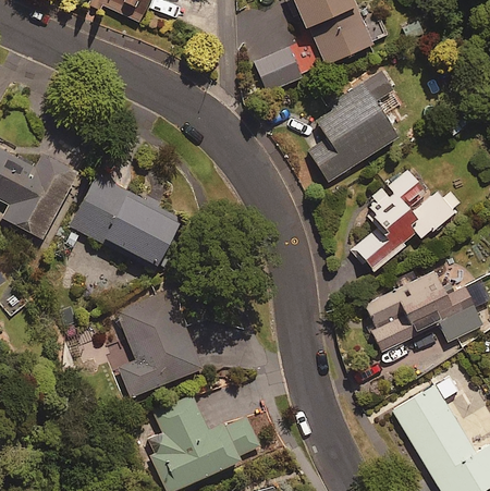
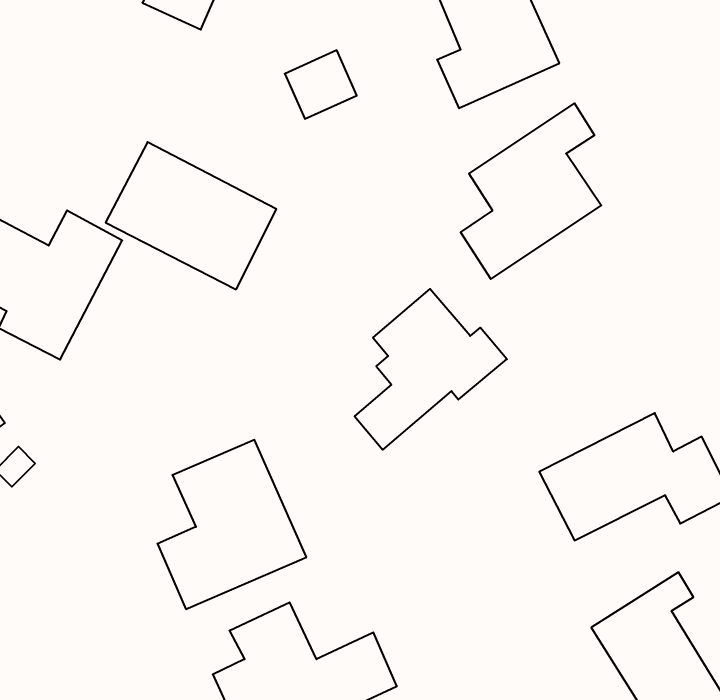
building: [254,49,301,94] -> [285,50,357,119]
building: [354,168,453,272] -> [355,289,507,450]
building: [72,175,183,271] -> [106,142,276,289]

